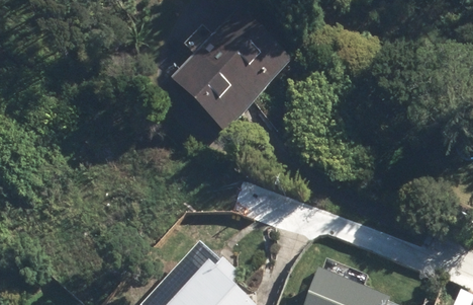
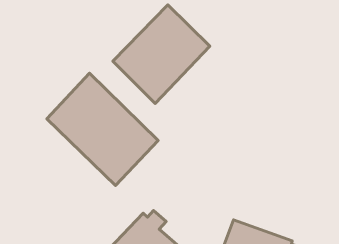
building: none -> [47,73,158,185]

